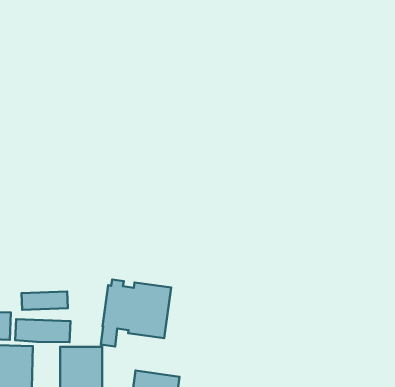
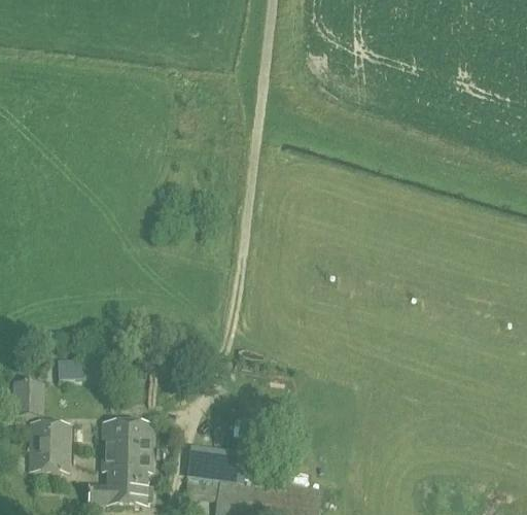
building: [101,279,171,346] -> none
building: [15,319,70,342] -> none

